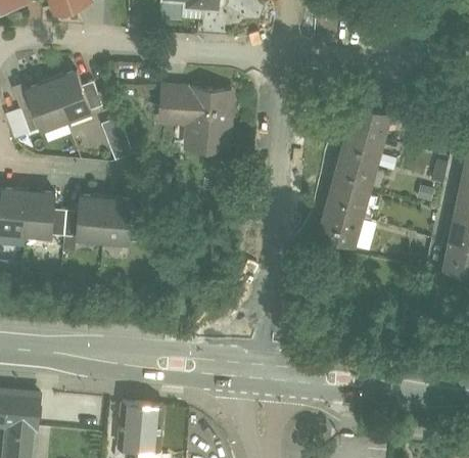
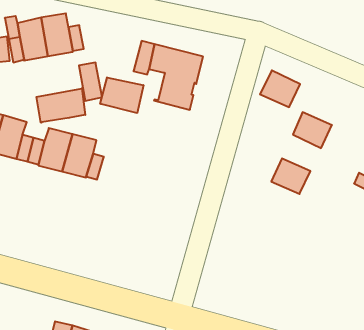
building: [347,105,388,141] -> [260,70,300,107]
building: none -> [100,77,143,113]
building: none -> [36,88,85,123]
building: [334,158,374,194] -> none
building: [320,213,360,248] -> none

